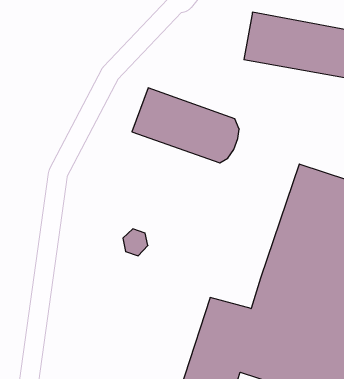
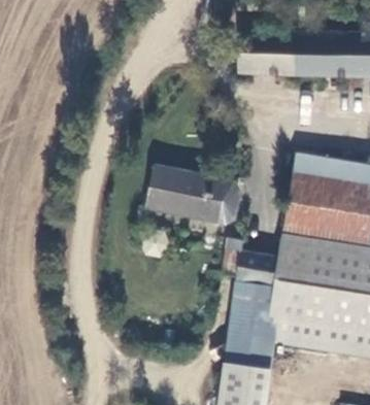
building: [132,88,239,163] -> [144,169,237,225]
building: none -> [222,240,278,289]

